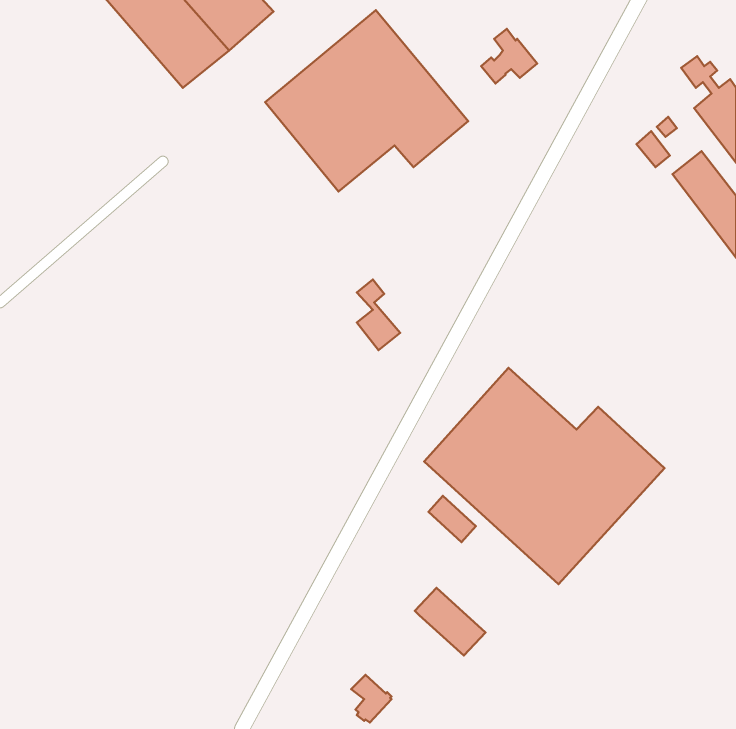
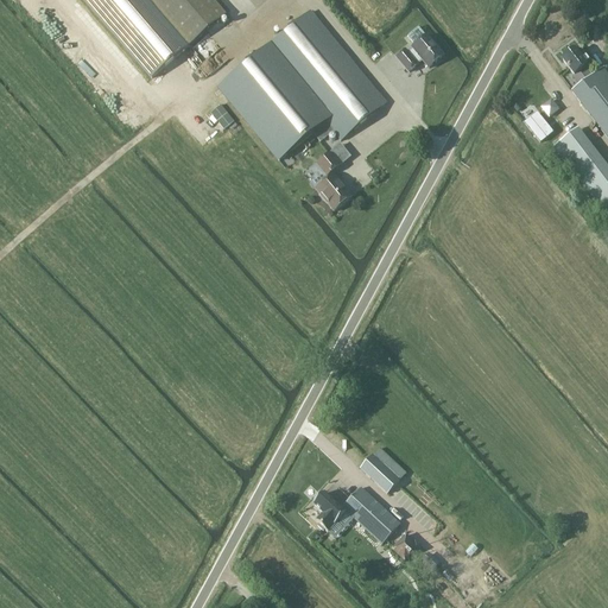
building: [357,279,400,350] -> [316,151,352,209]
building: [424,368,664,584] -> none
building: [428,496,476,542] -> [360,452,399,490]
building: [351,675,392,722] -> [312,489,346,528]

